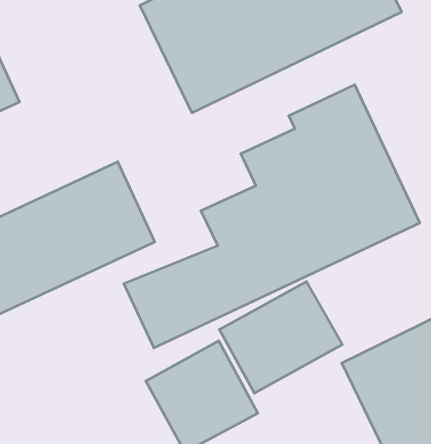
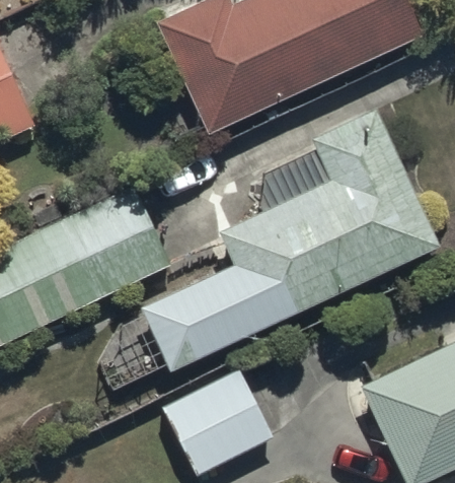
building: [219,282,342,393] -> none

